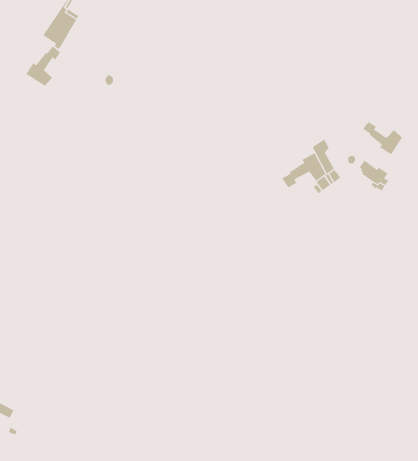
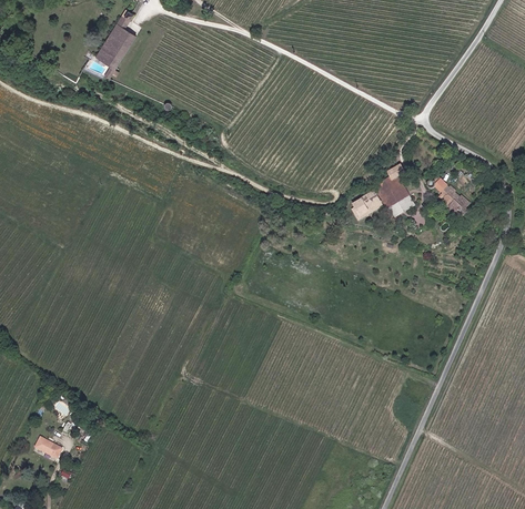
building: [26,46,61,87] -> none
building: [362,121,403,155] -> none

